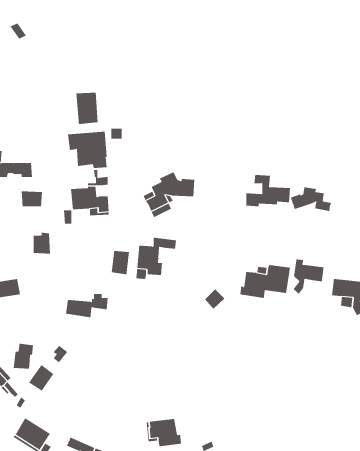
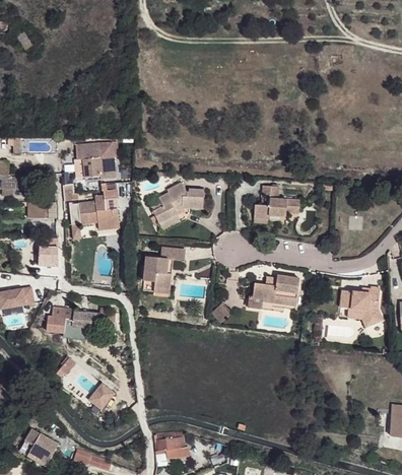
building: [76,92,98,125] -> none
building: [290,187,332,212] -> none
building: [111,250,129,275] -> none
building: [293,258,324,295] -> none
building: [13,343,34,369] -> [49,308,70,334]
building: [28,364,54,391] -> [86,384,113,411]

